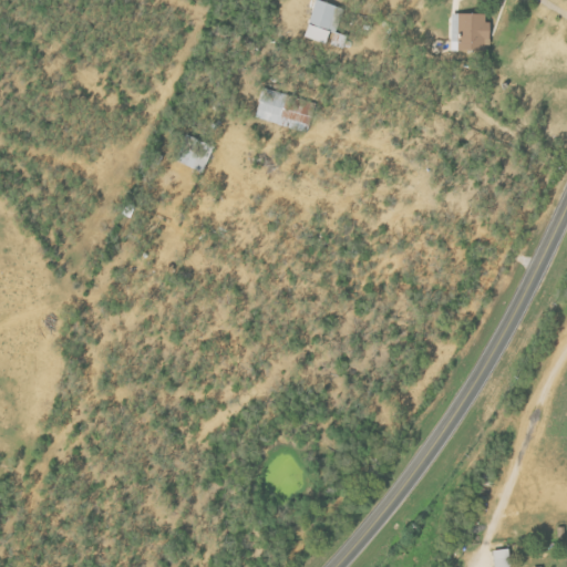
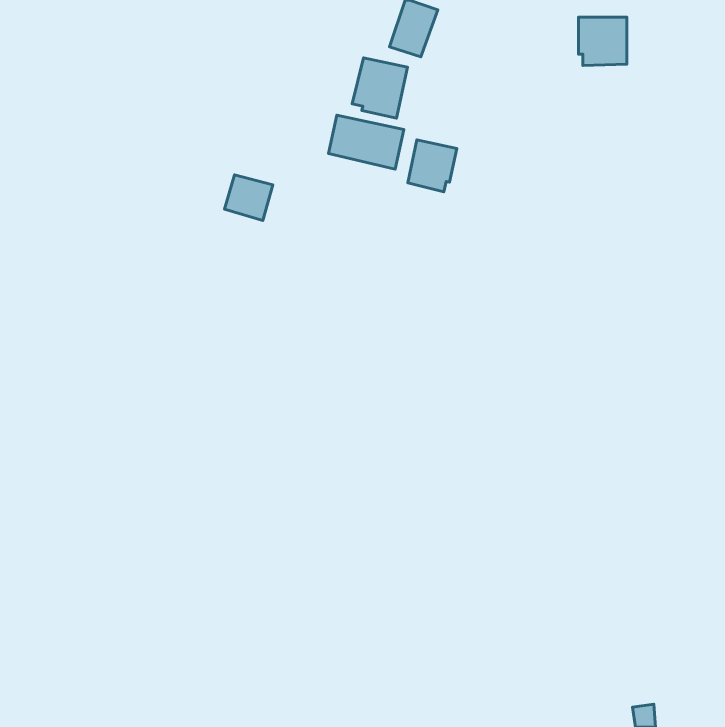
building: none -> [352,58,407,118]
building: none -> [408,140,457,192]

